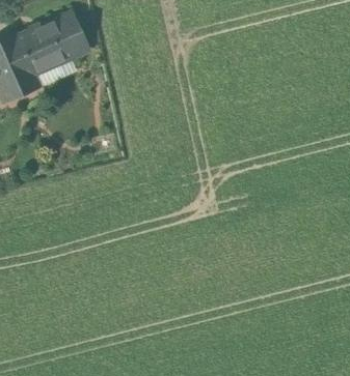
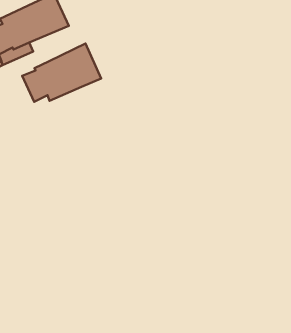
building: none -> [22,44,101,102]

